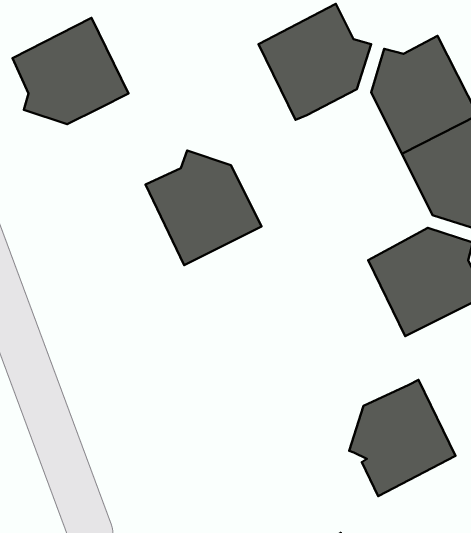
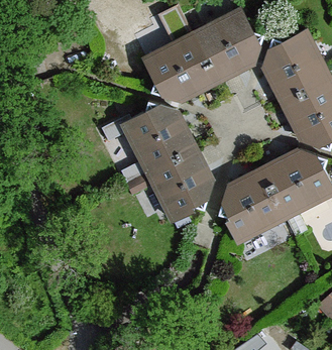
building: [12,18,129,124] -> [143,35,216,102]
building: none -> [146,149,213,223]
building: [349,380,456,496] -> [218,170,285,243]

